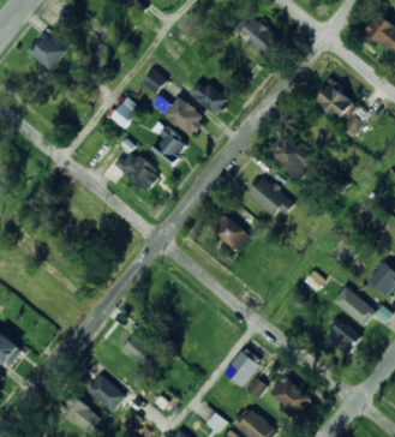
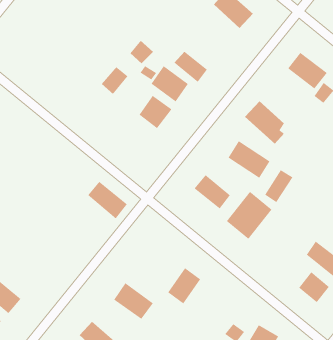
building: [28,32,67,71] -> none
building: [116,150,161,192] -> [87,181,128,220]
building: none -> [264,169,294,203]
building: none -> [226,191,272,240]
building: [225,347,262,388] -> [167,267,201,305]

